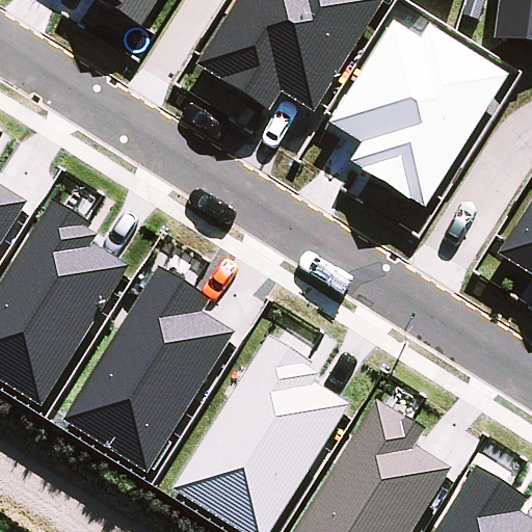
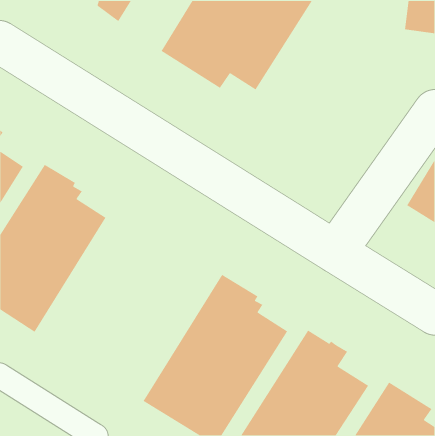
building: [326,19,507,206] -> none
building: [63,264,237,472] -> none

